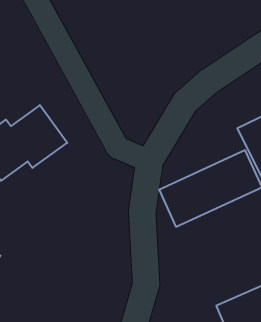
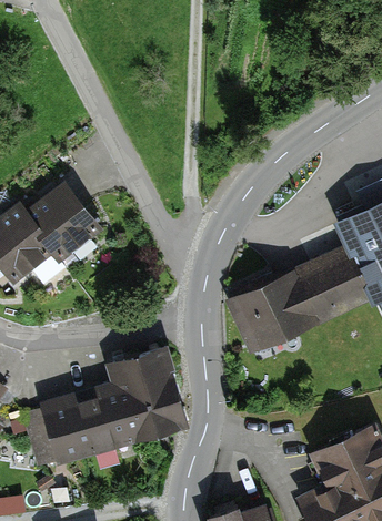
building: none -> [39,346,191,461]

